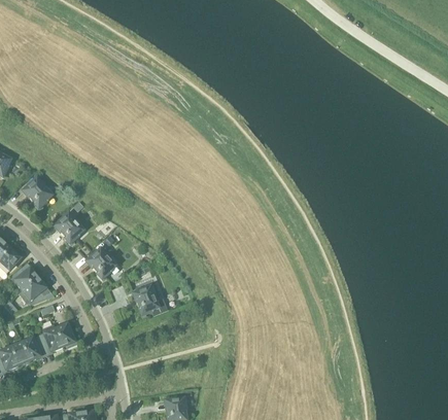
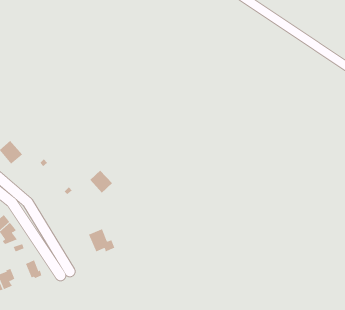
building: [55,213,83,243] -> none
building: [87,249,115,278] -> [89,170,113,193]
building: [38,323,63,351] -> none

